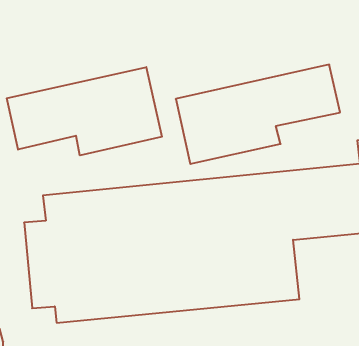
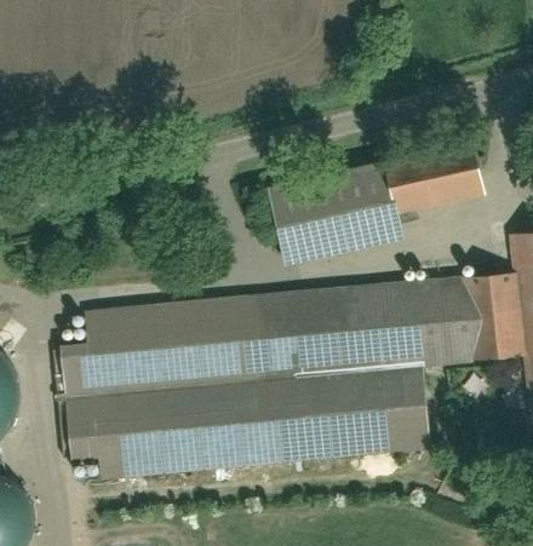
building: [7,67,162,155] -> none

